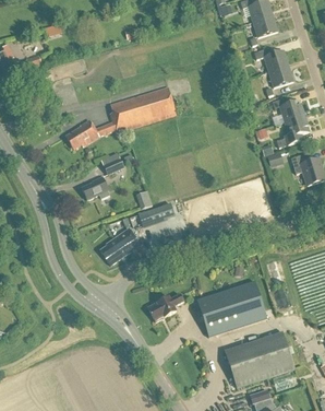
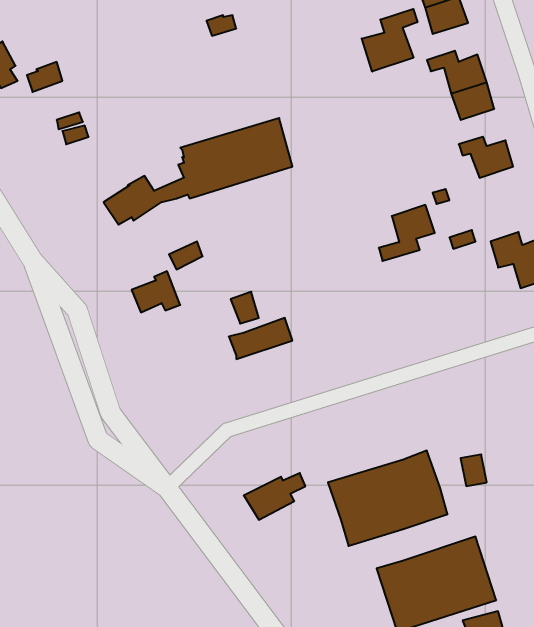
building: none -> [362,9,417,72]
building: [276,115,309,148] -> [379,205,435,261]
building: [99,228,137,265] -> none

